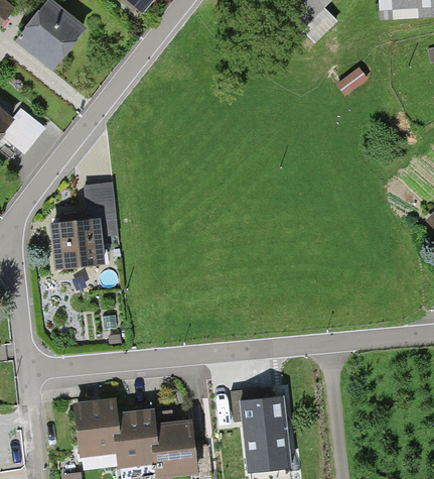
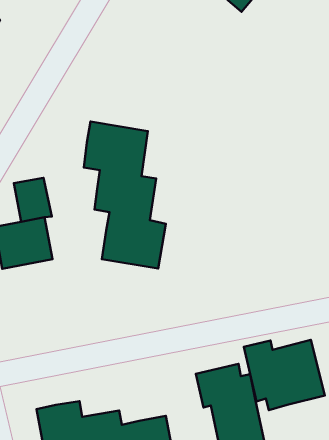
building: none -> [84,122,166,269]
building: none -> [244,340,325,410]

